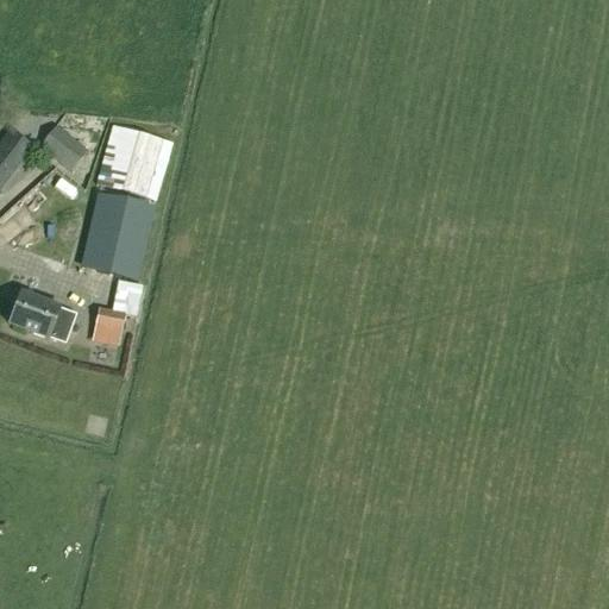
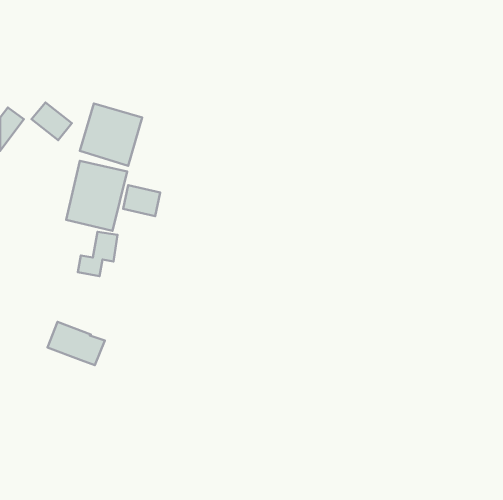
building: none -> [123,185,160,216]
building: [8,290,77,343] -> [47,322,105,365]

